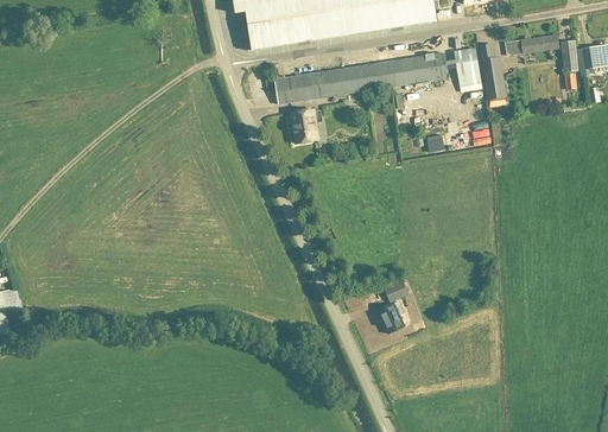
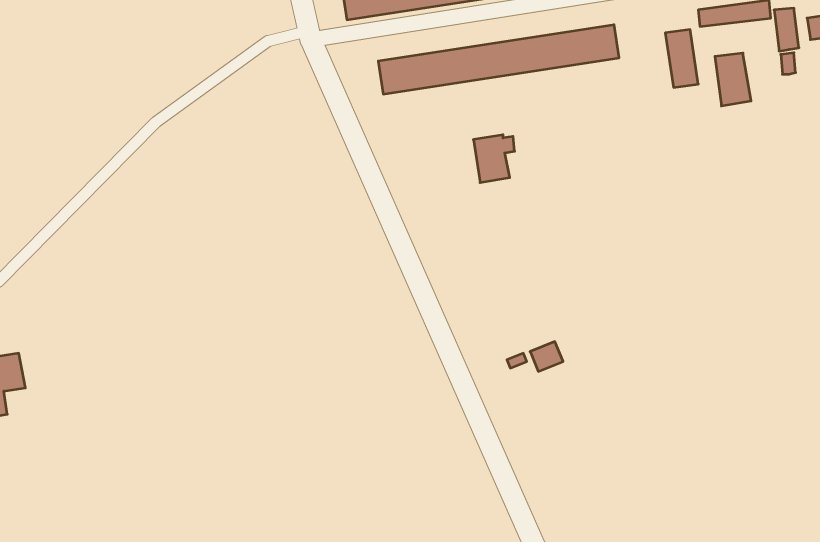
building: [454,47,480,85] -> [715,53,751,106]
building: [291,109,321,144] -> [473,135,515,183]
building: [375,301,404,333] -> none

